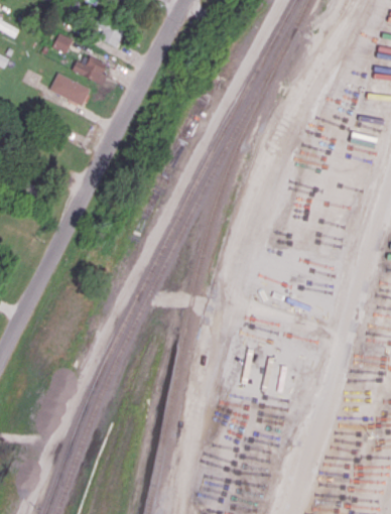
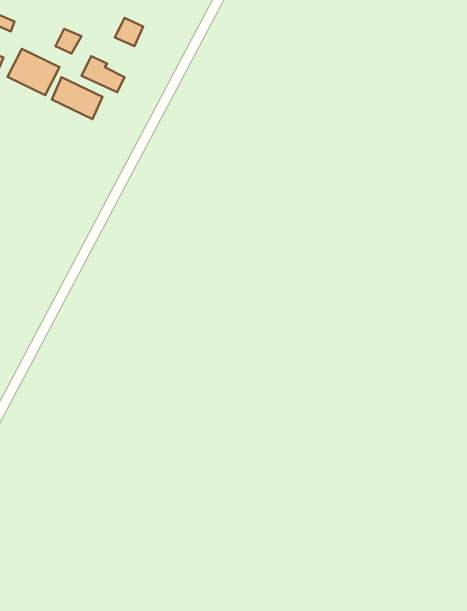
building: none -> [8,49,59,95]

